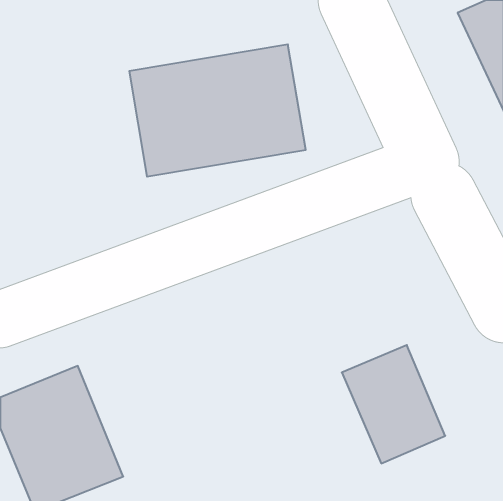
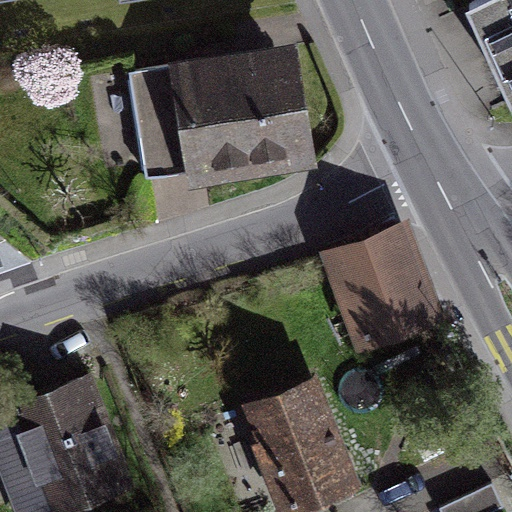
building: none -> [322,231,438,355]
building: [342,345,445,463] -> [253,378,358,498]

